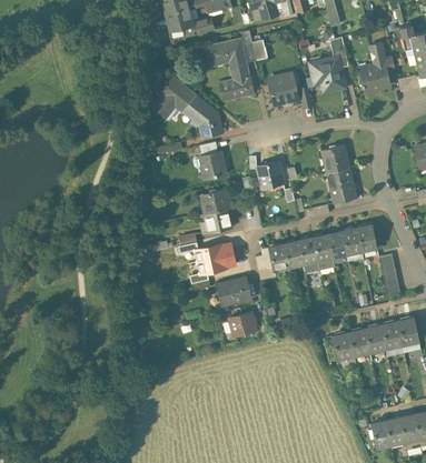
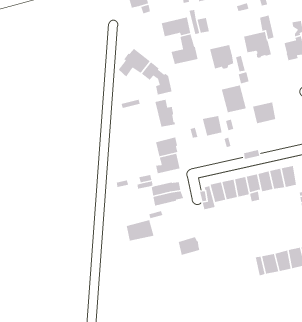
building: [326,167,358,202] -> [221,85,247,113]
building: [216,276,251,304] -> [126,219,154,241]

